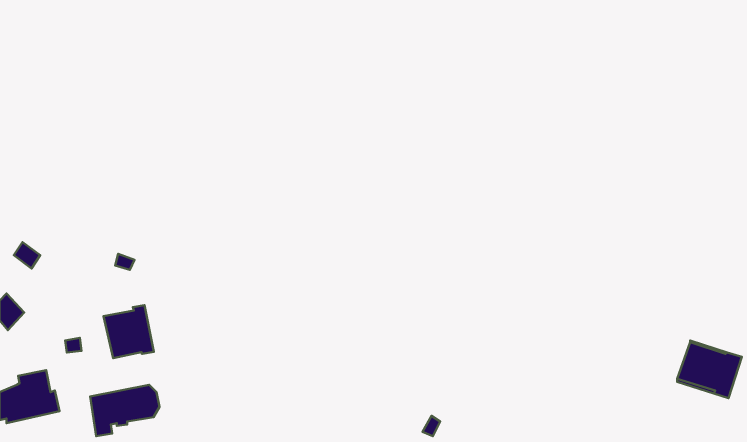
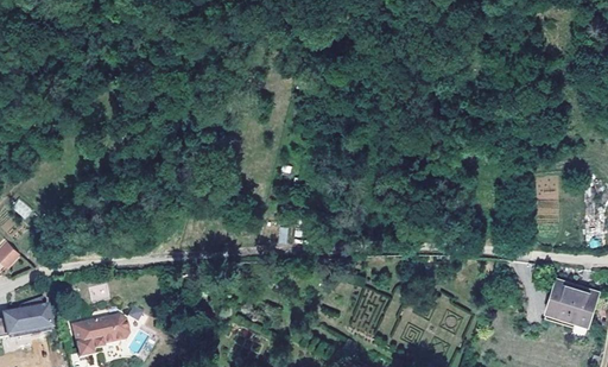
building: [104,305,154,358] -> none

